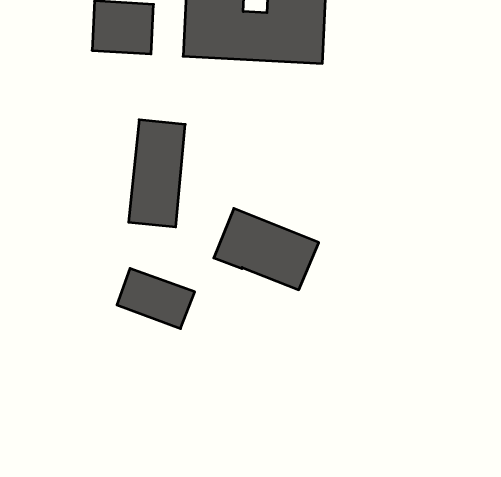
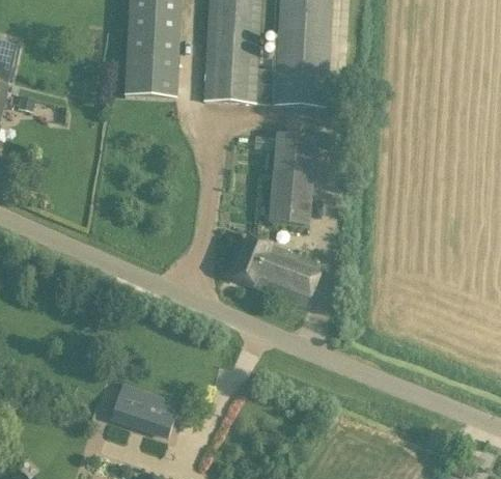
building: [129,120,185,227] -> [268,132,317,226]
building: [117,268,195,329] -> [113,379,182,432]

